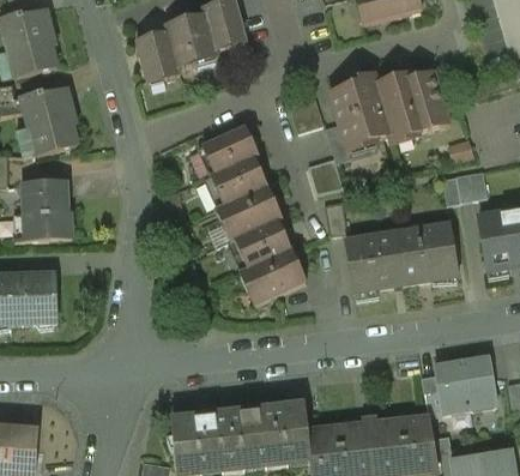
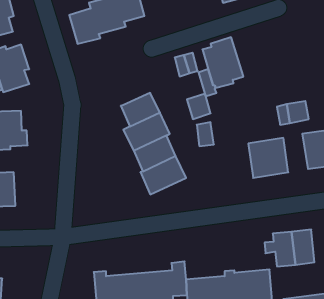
building: [373,73,447,143] -> none
building: [201,125,259,174] -> none
building: [343,230,405,289] -> none

